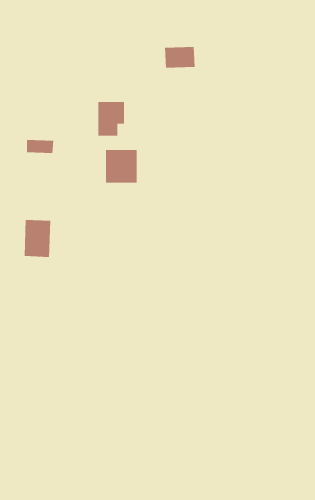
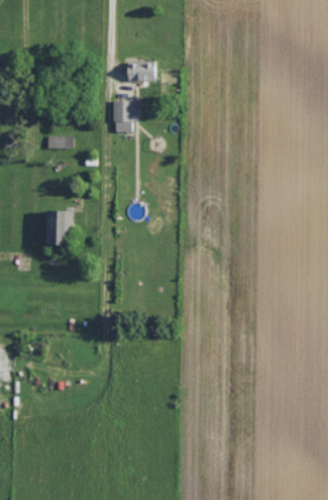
building: [164,47,196,68] -> [127,61,156,81]
building: [106,149,137,183] -> none

